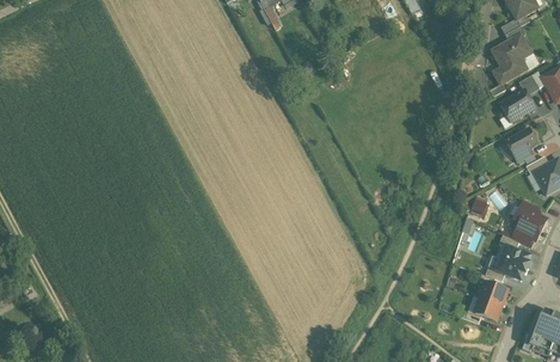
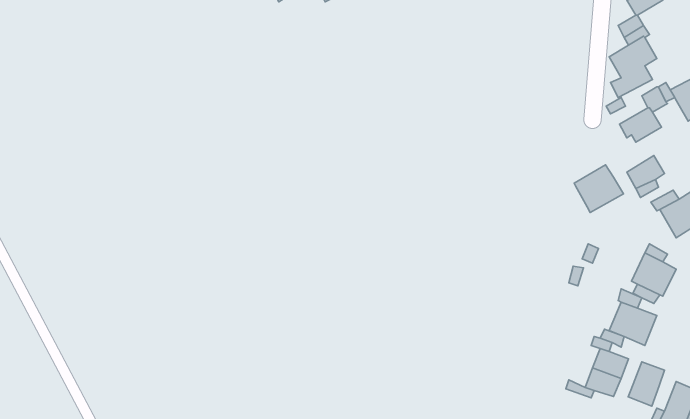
building: none -> [574,165,623,213]
building: none -> [628,362,664,406]

